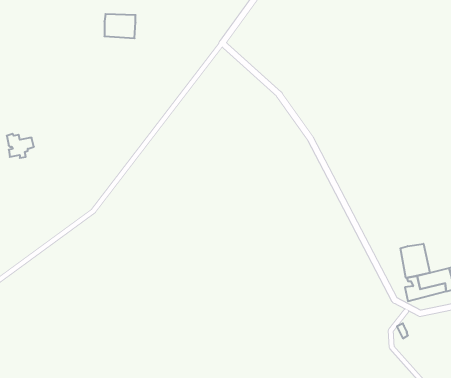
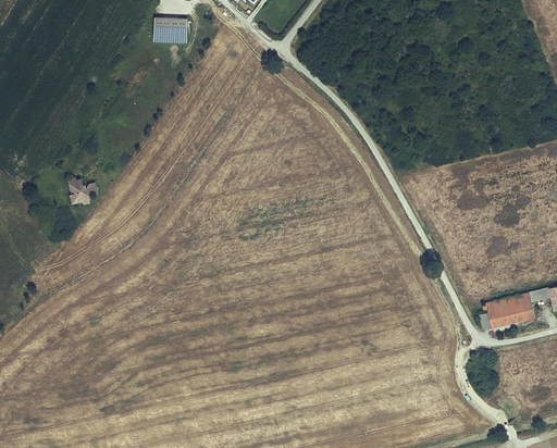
building: [7,134,34,158] -> [69,178,98,204]
building: [400,244,430,278] -> none

